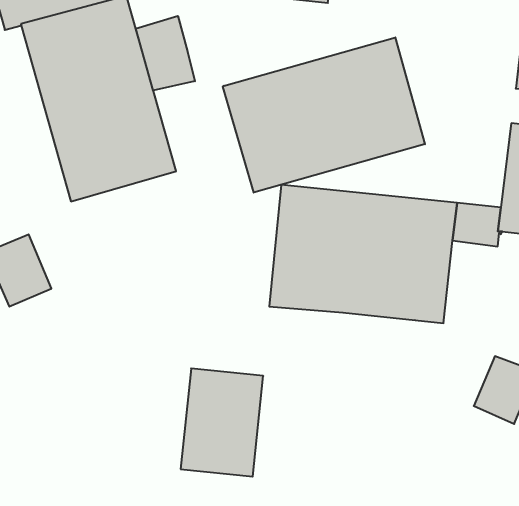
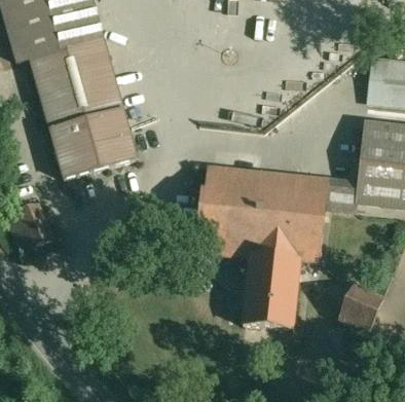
building: [136,16,195,91] -> none
building: [223,37,425,193] -> none
building: [181,368,263,477] -> [243,254,299,328]

